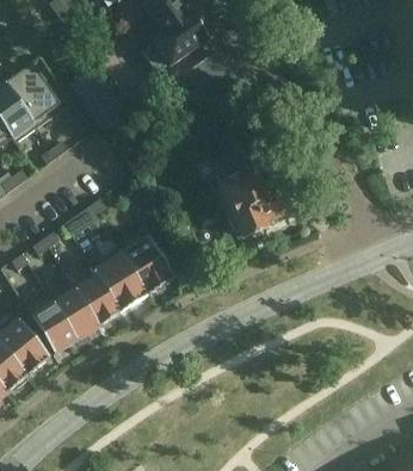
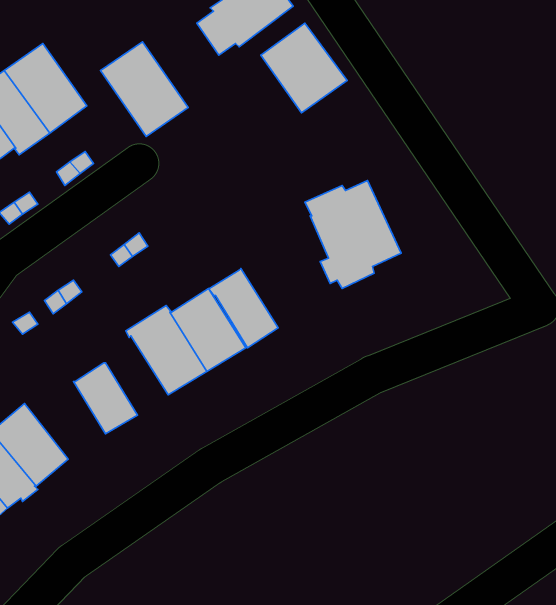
building: [70,269,119,326] -> [209,269,278,348]
building: [24,292,75,353] -> none

